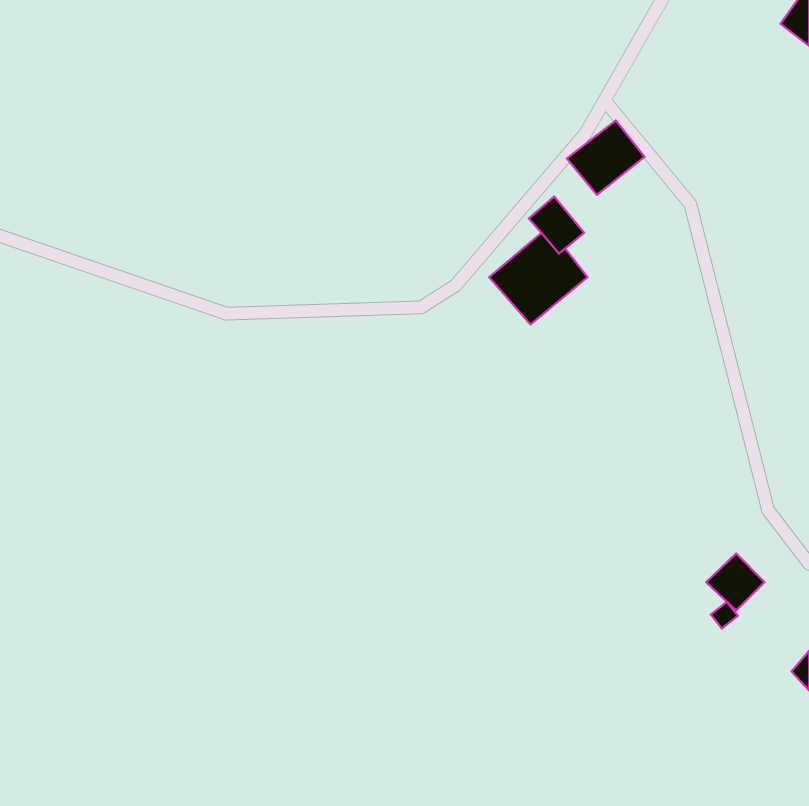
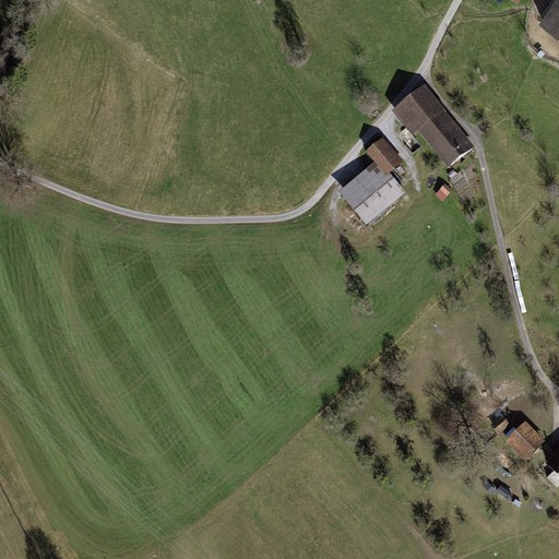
building: none -> [417,108,474,167]
building: [706,554,765,611] -> [504,420,545,460]

